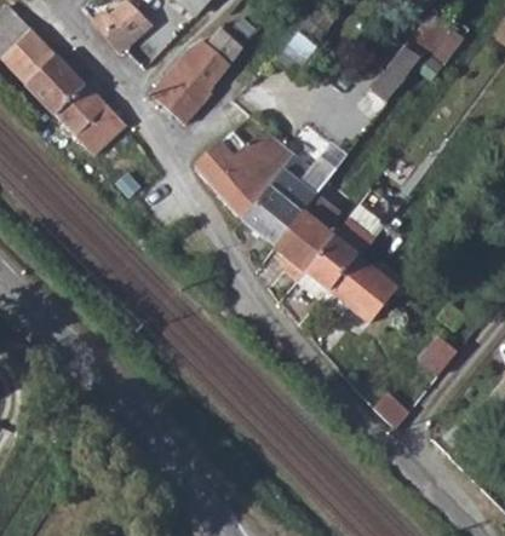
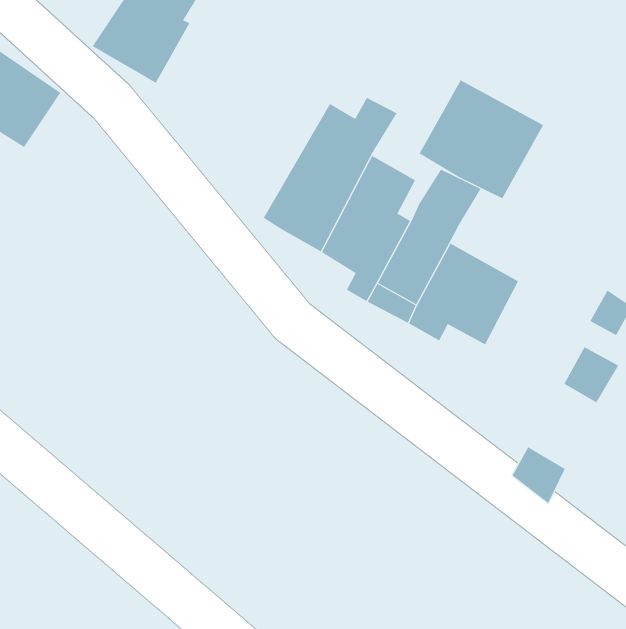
building: [194,128,295,220] -> none
building: none -> [419,79,544,199]

